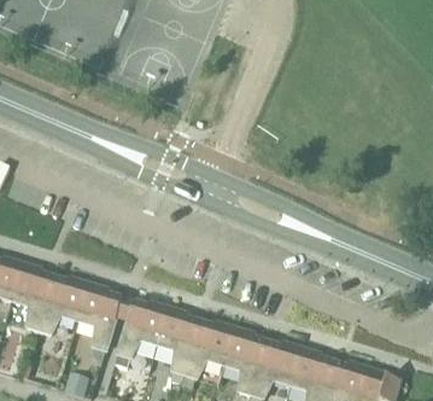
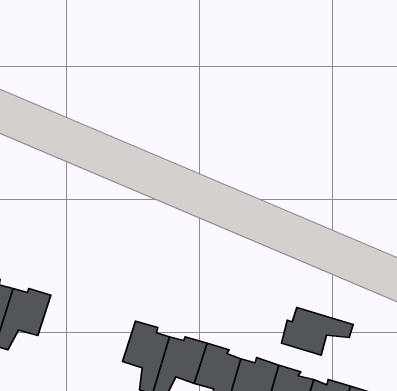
building: [78,284,122,351] -> none
building: none -> [282,308,353,355]
building: [117,302,169,359] -> none

